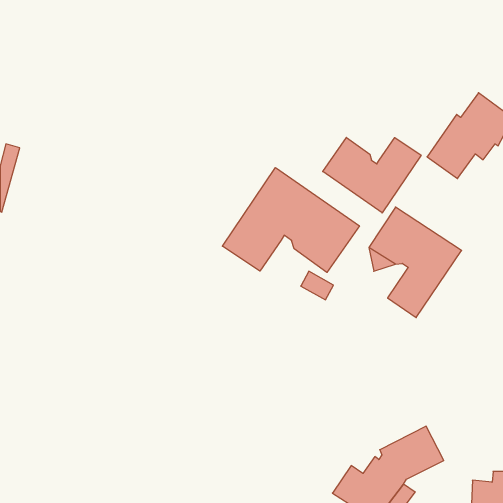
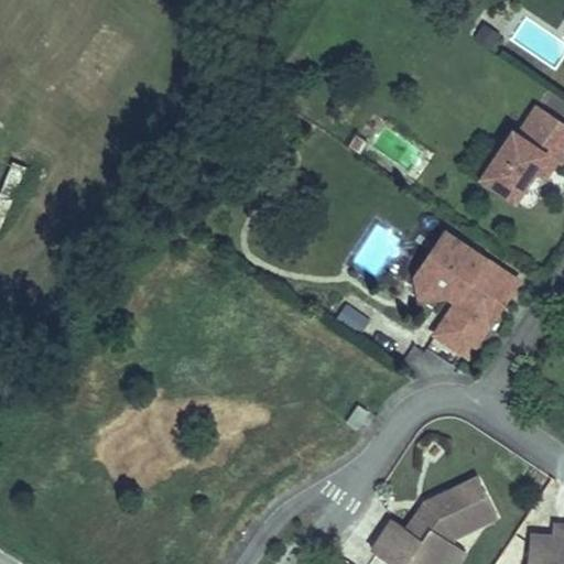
building: [323,137,421,213] -> none
building: [222,168,359,272] -> none

